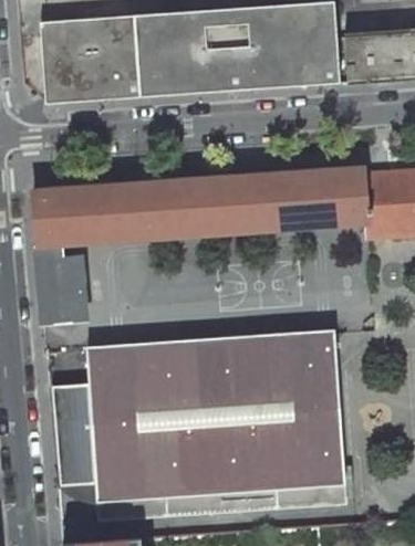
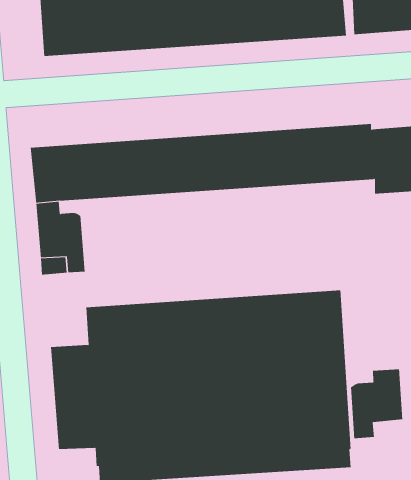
building: none -> [350,369,403,439]

